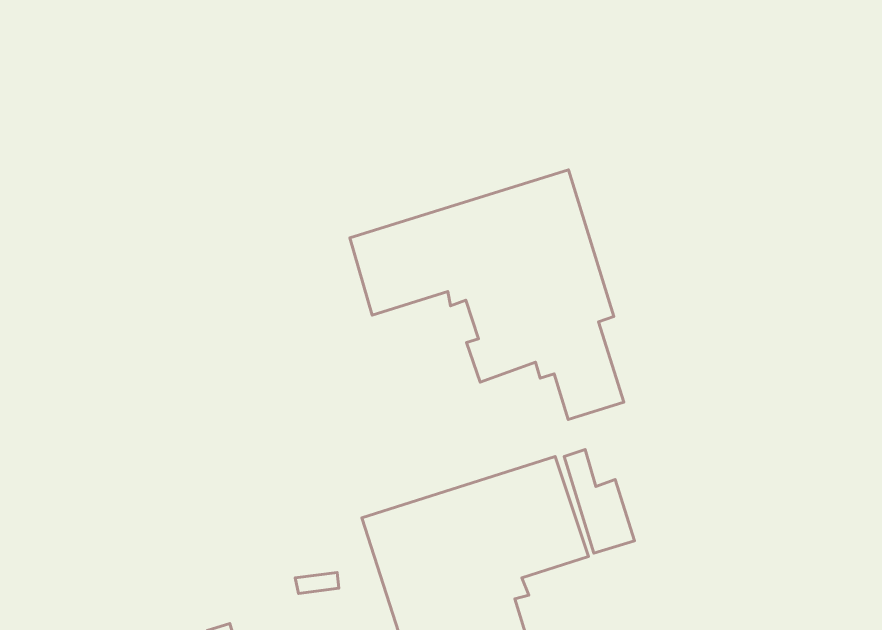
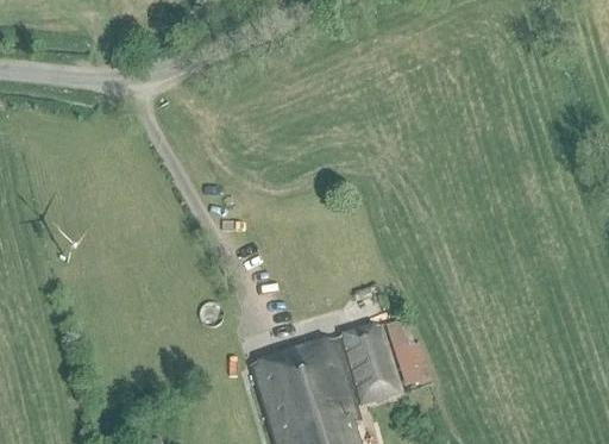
building: [350,170,624,419] -> none

